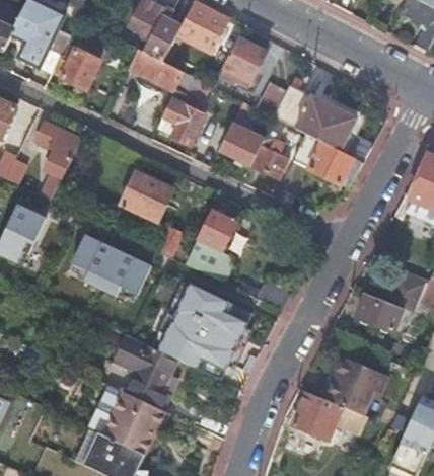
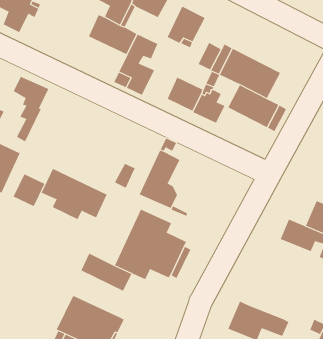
building: [54,45,100,93] -> none
building: [121,171,172,221] -> none
building: none -> [13,174,45,207]
building: [114,354,171,410] -> none
building: [321,358,387,413] -> none

